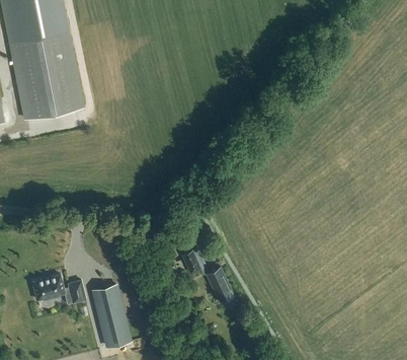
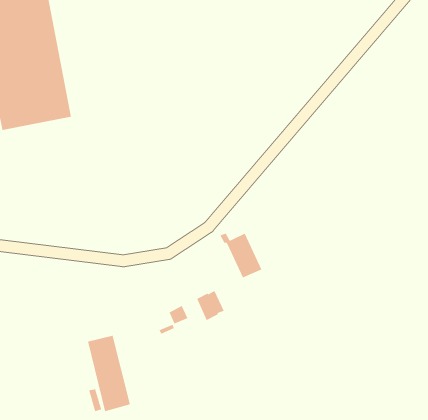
building: [201,267,236,304] -> [220,232,263,279]
building: [33,276,87,306] -> none

